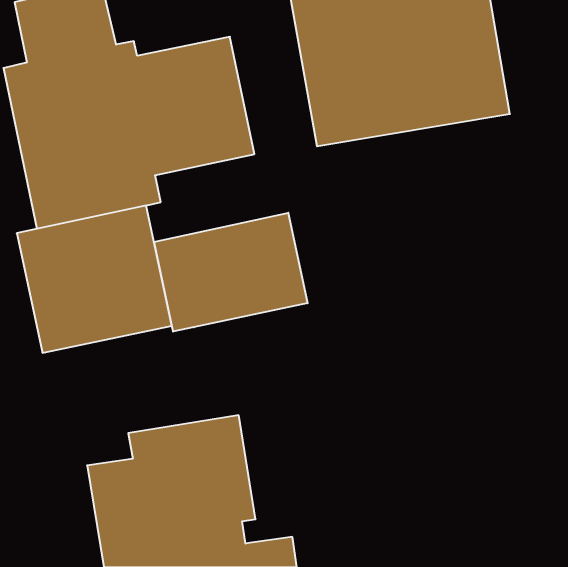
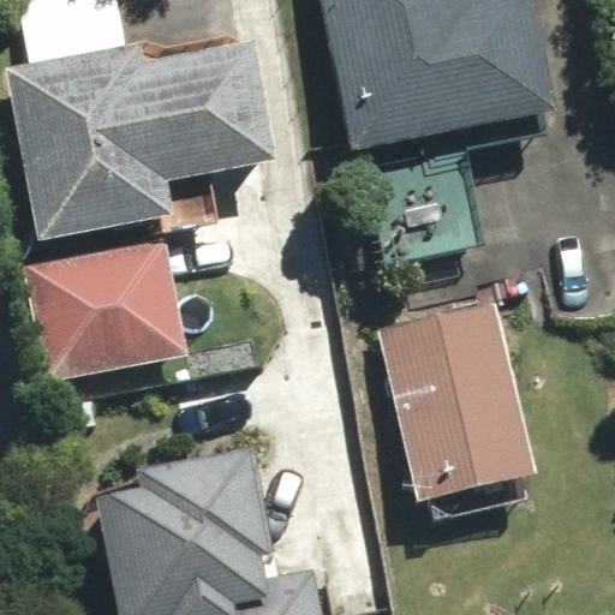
building: [154,213,308,332] -> none
building: none -> [370,273,537,504]

